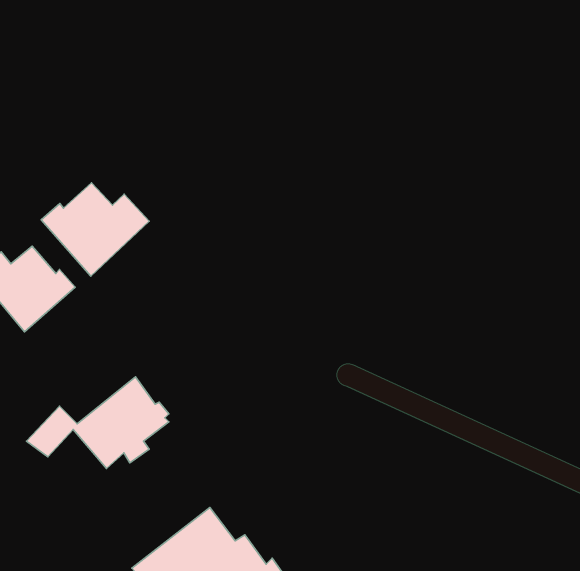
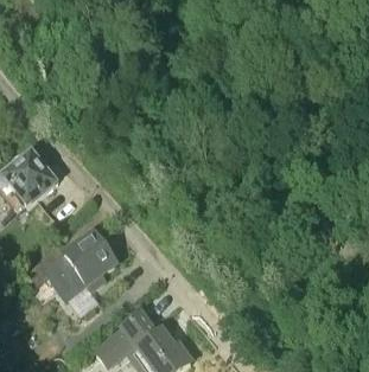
building: [41,183,149,276] -> none

